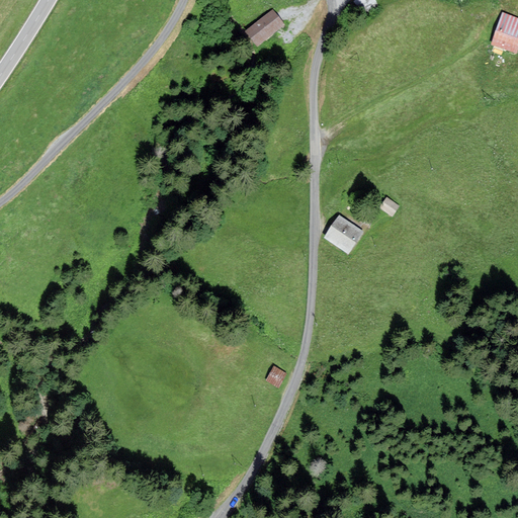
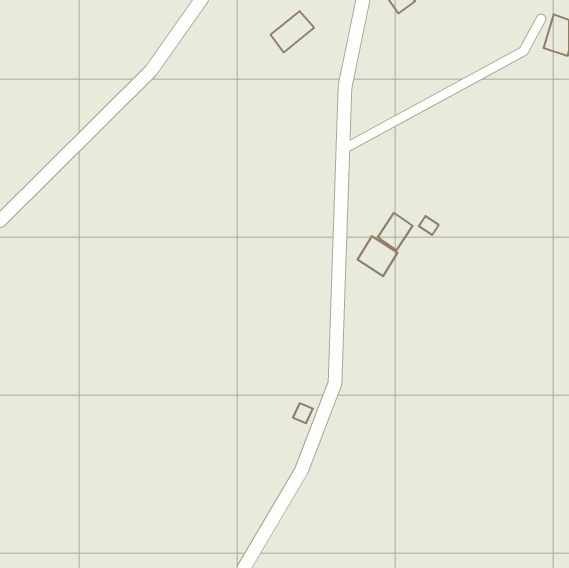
building: none -> [378,213,412,250]

